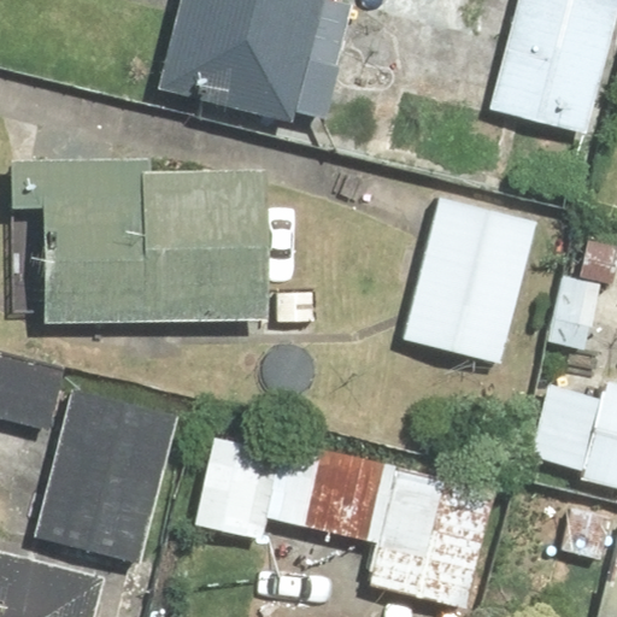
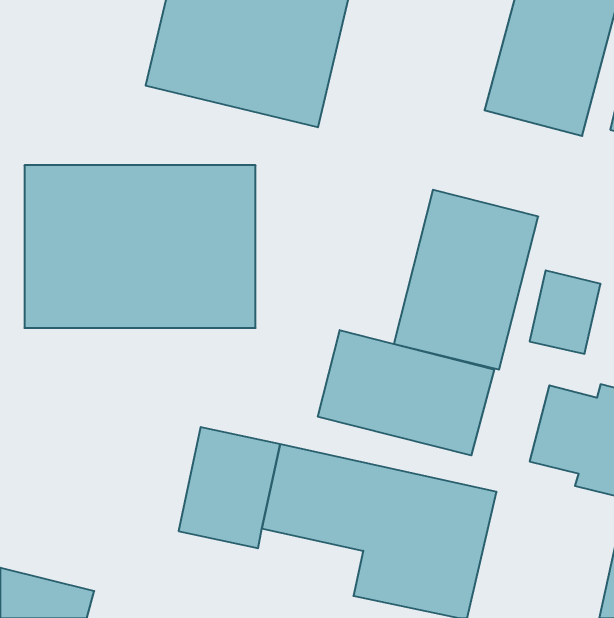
building: none -> [318,330,494,455]
building: [34,384,180,566] -> none

